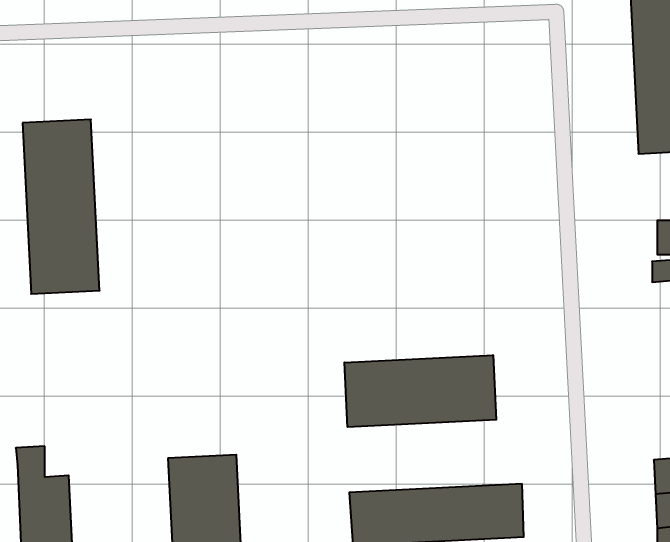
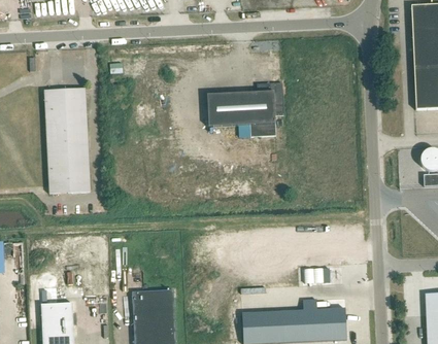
building: none -> [207,81,283,135]
building: [344,355,496,427] -> none

